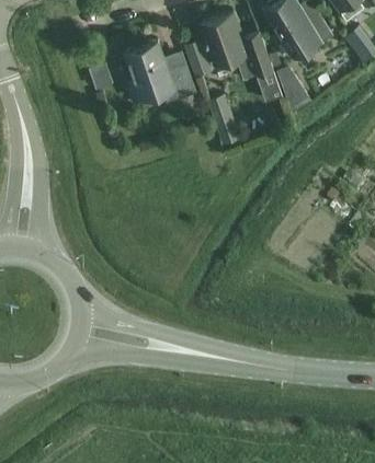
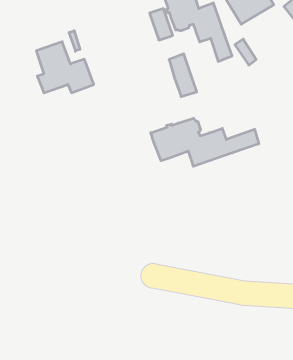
building: [126,40,194,101] -> [36,42,94,93]
building: none -> [151,118,259,166]

